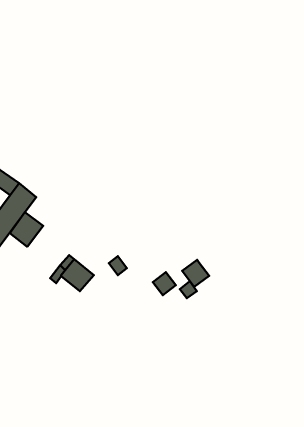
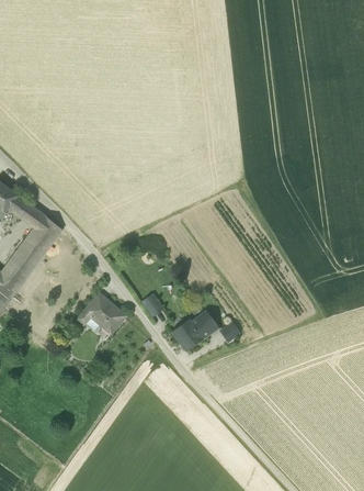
building: [10,212,43,246] -> none
building: [182,260,209,287] -> [171,320,201,349]

